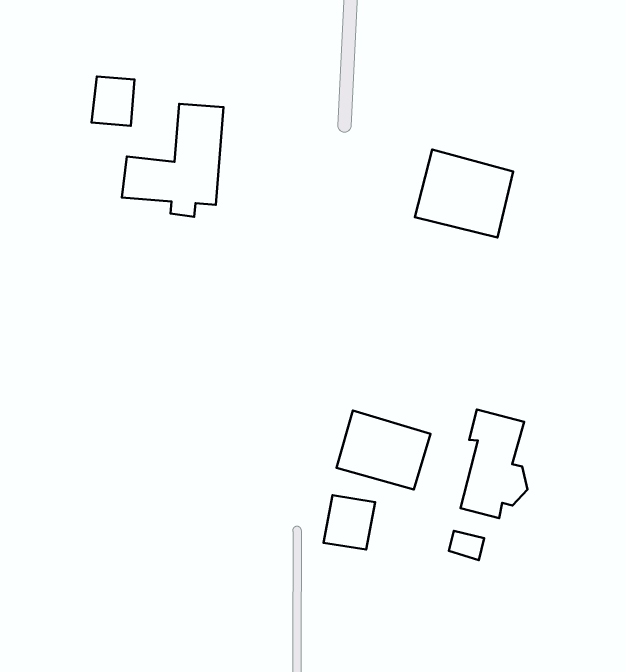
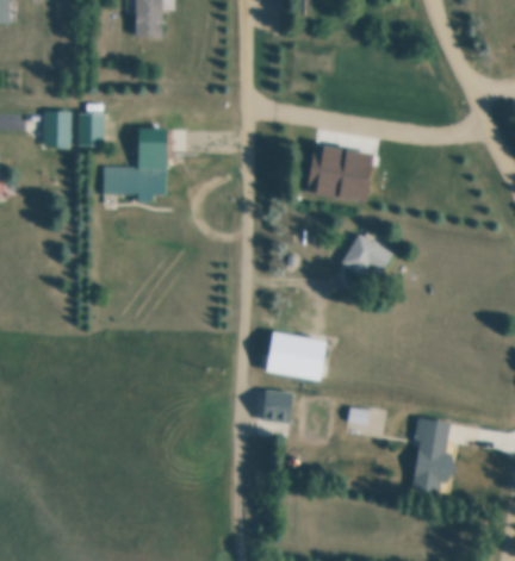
building: none -> [43,113,69,145]
building: none -> [341,233,393,278]
building: [460,410,527,518] -> [411,417,457,491]

